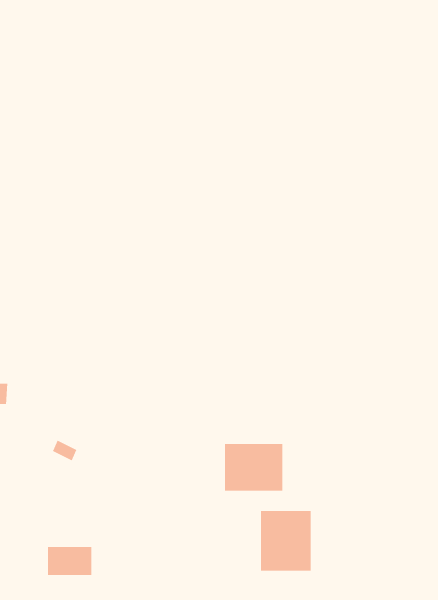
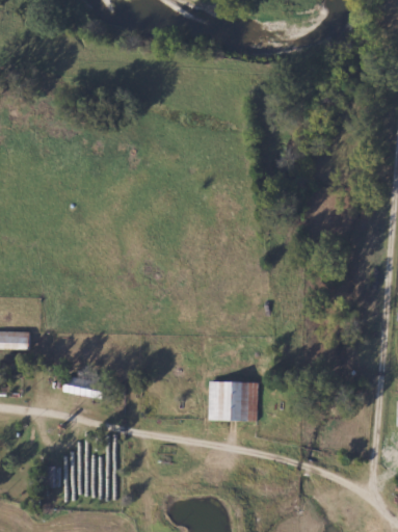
building: [260,510,311,572] -> none

